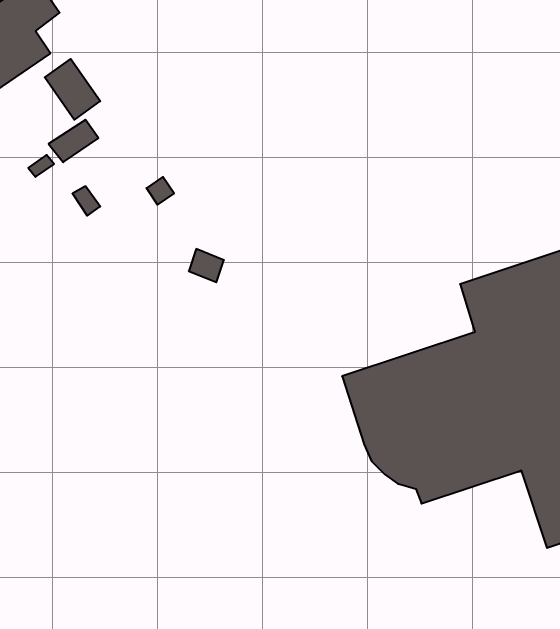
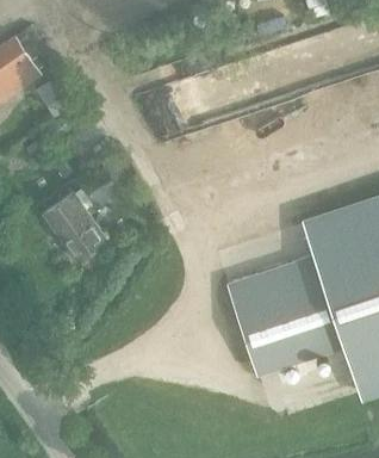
building: none -> [41,186,104,258]

